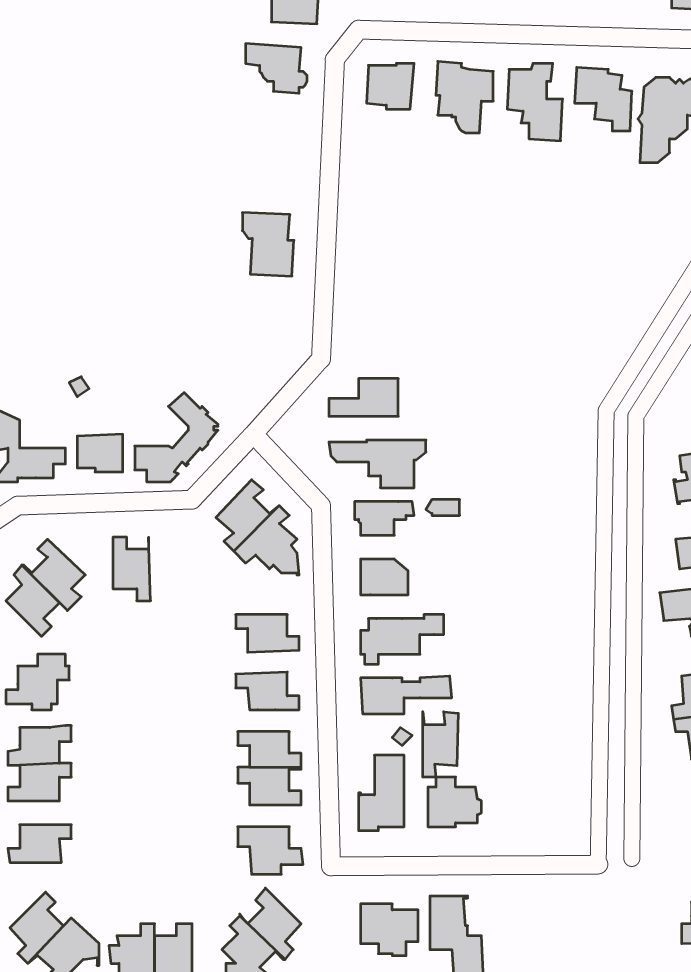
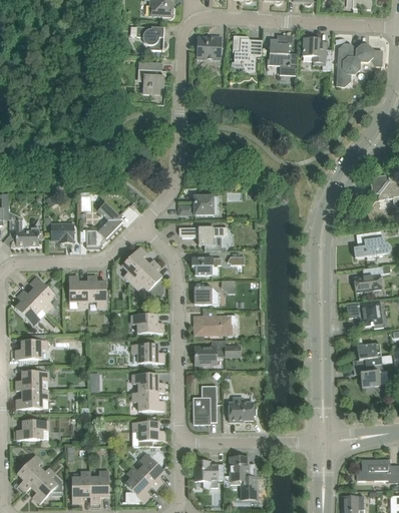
building: [242,213,294,276] -> [138,62,164,94]
building: none -> [87,276,106,308]
building: [423,712,458,777] -> none

